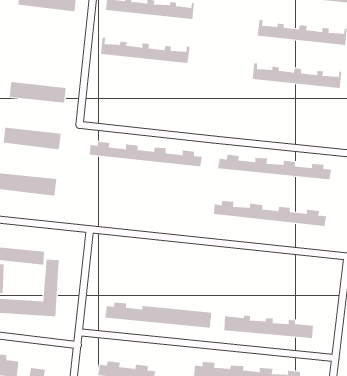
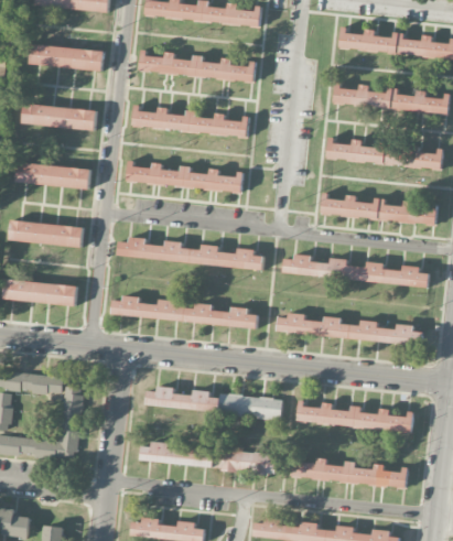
building: none -> [21,102,96,130]
building: none -> [126,158,241,192]
building: none -> [320,191,435,225]
building: none -> [111,294,257,327]
building: none -> [144,386,281,420]
building: none -> [295,402,412,432]

